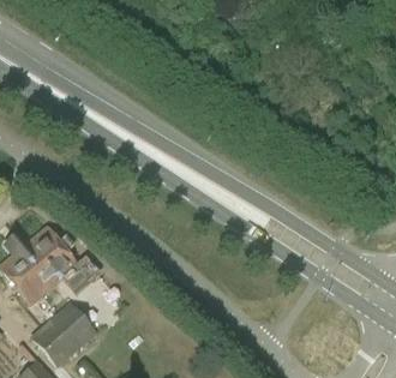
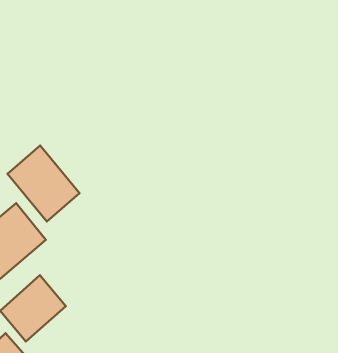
building: none -> [8,146,79,221]

